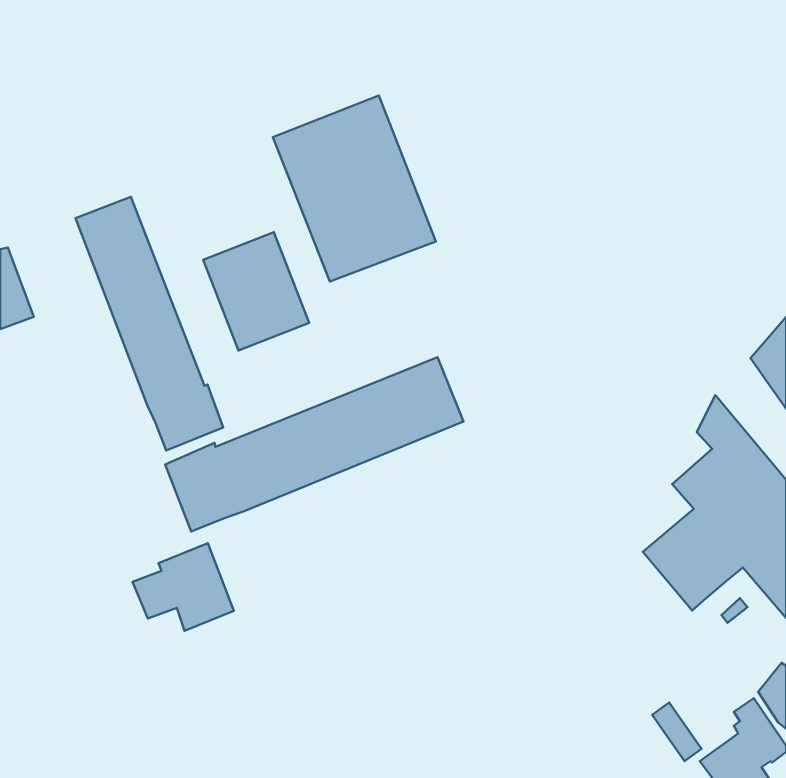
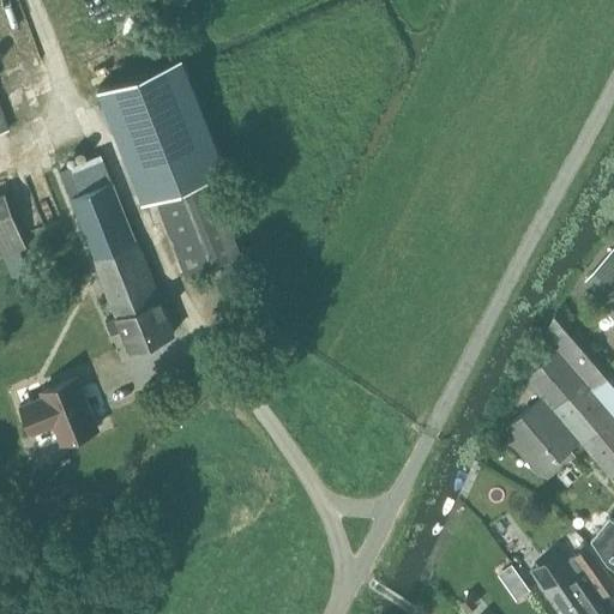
building: [273,96,436,282] -> [100,60,227,205]
building: [165,357,464,532] -> none
building: [132,543,234,631] -> [20,380,100,449]

